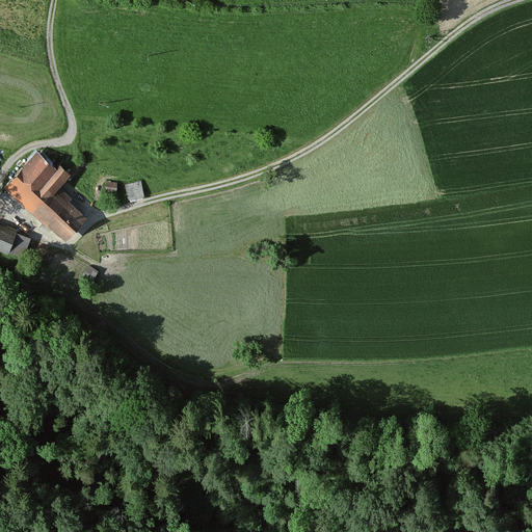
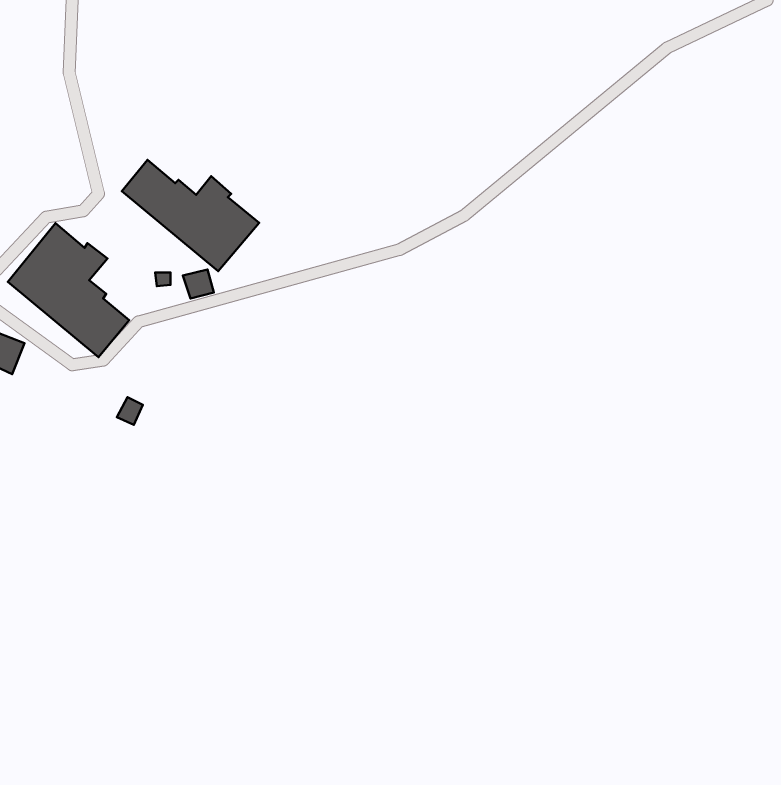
building: none -> [122,160,259,271]

